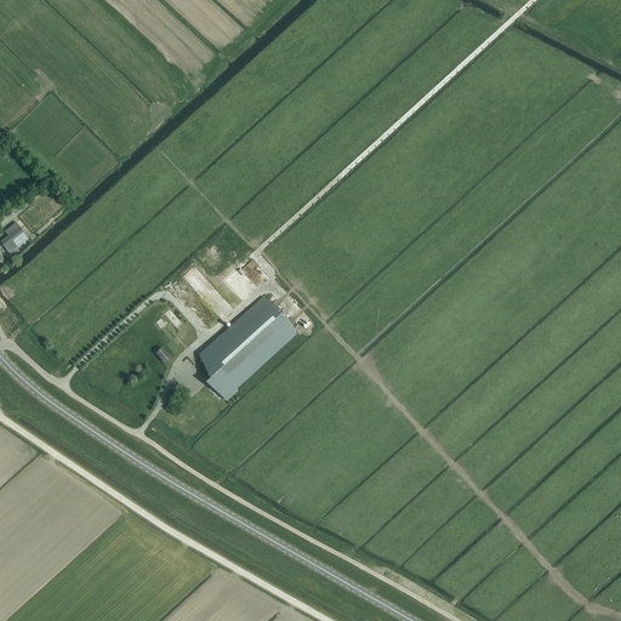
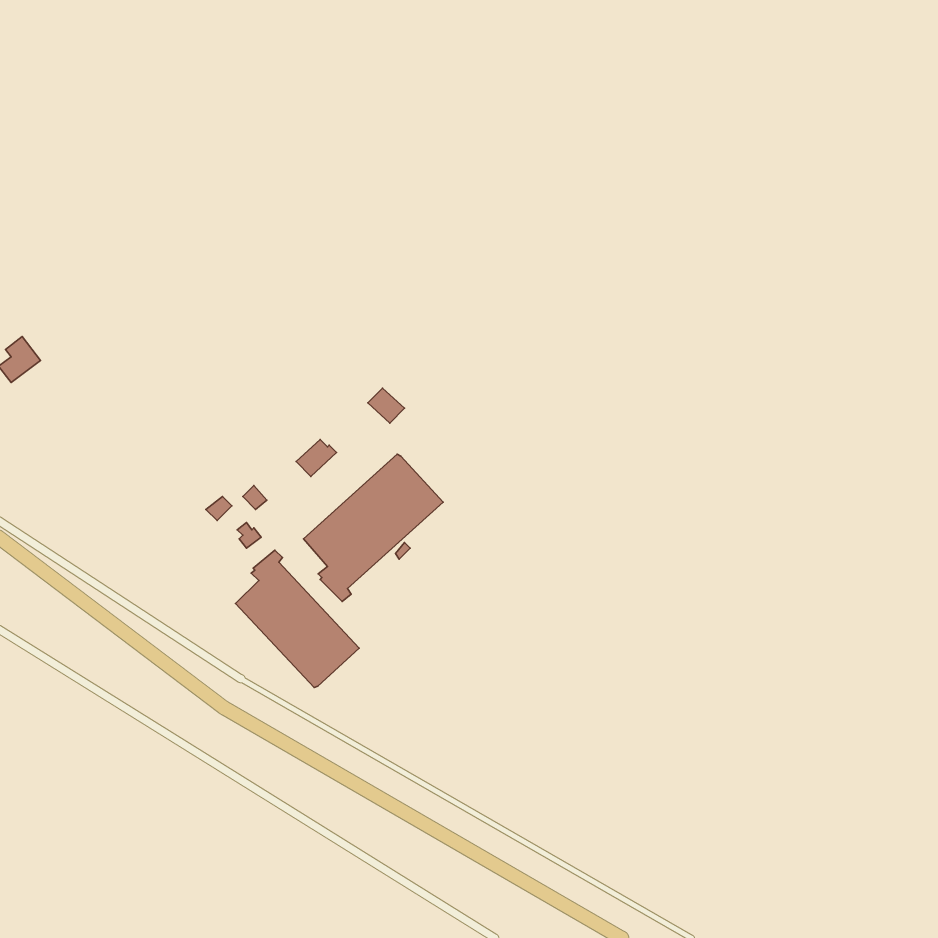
building: none -> [235,550,359,688]

